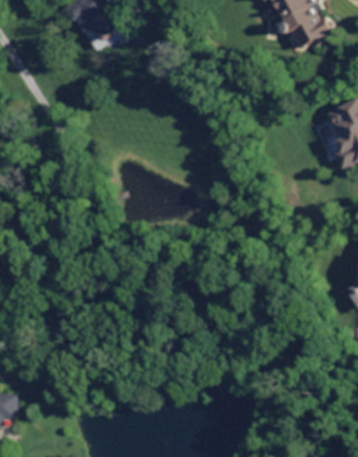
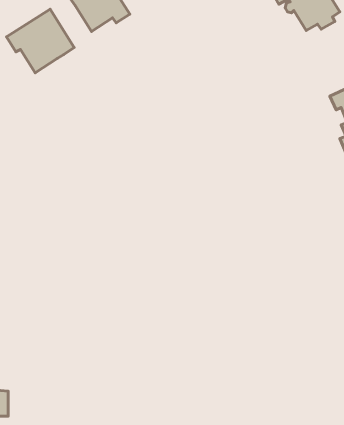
building: none -> [6,9,74,73]

